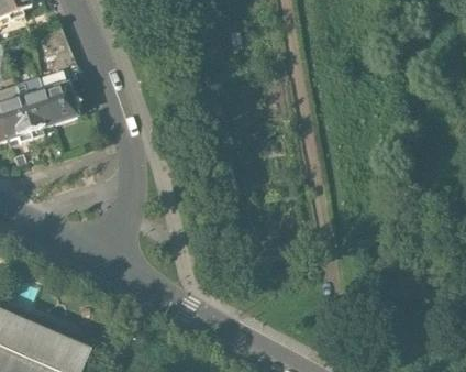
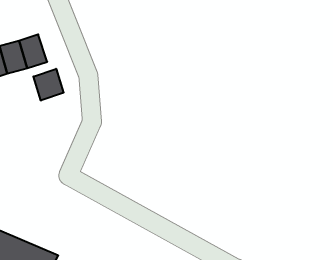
building: none -> [33,69,64,101]

